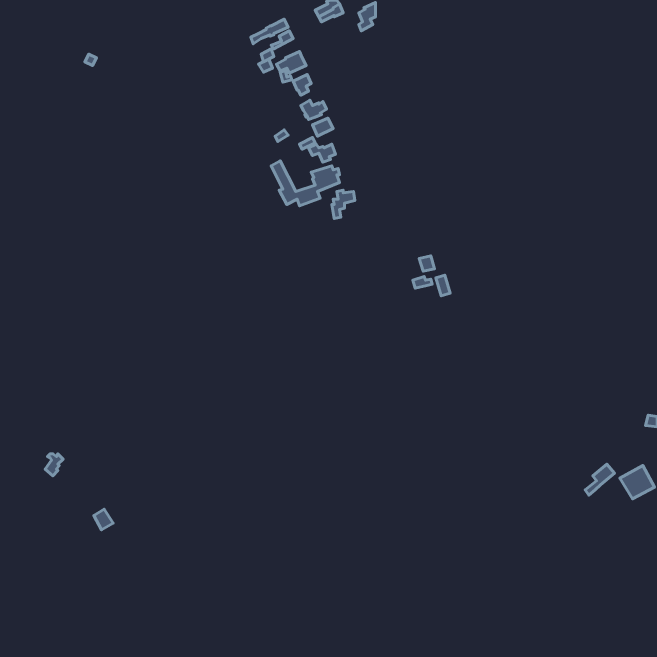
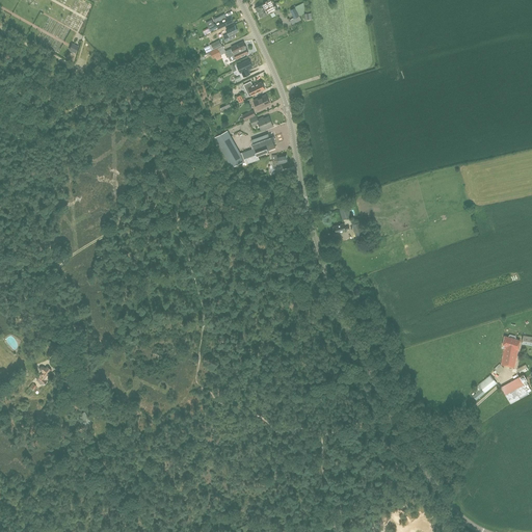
building: none -> [501,335,521,367]

